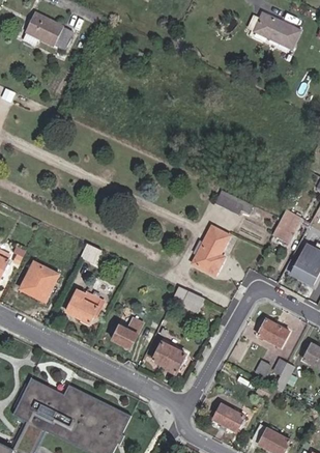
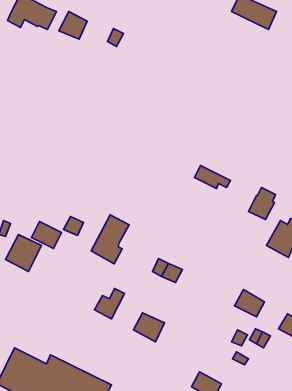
building: none -> [59,11,87,39]
building: [191,225,230,276] -> [91,215,129,264]
building: [66,294,97,322] -> [32,222,62,249]

